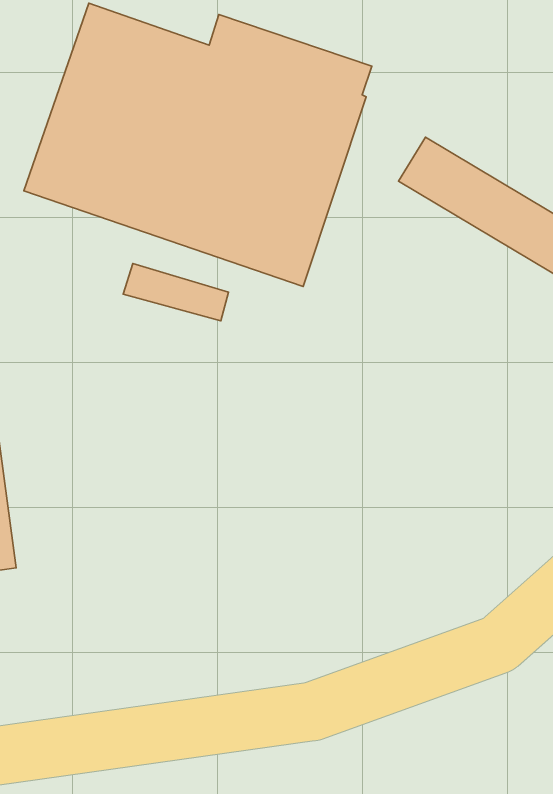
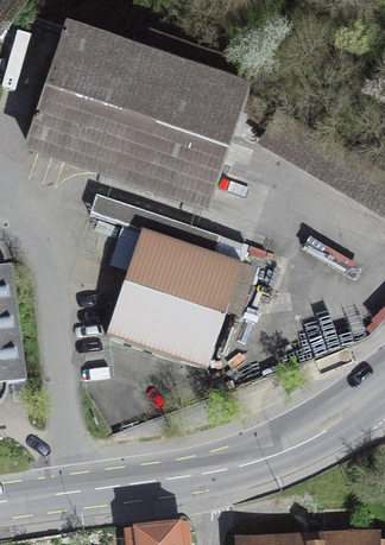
building: none -> [106,229,241,368]

